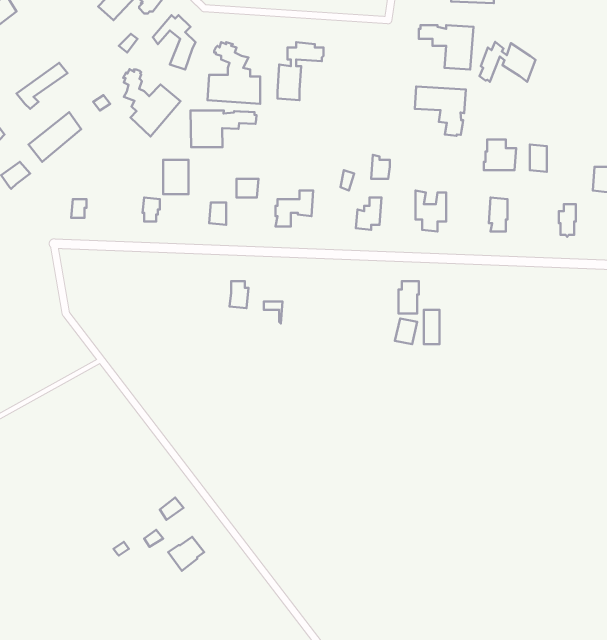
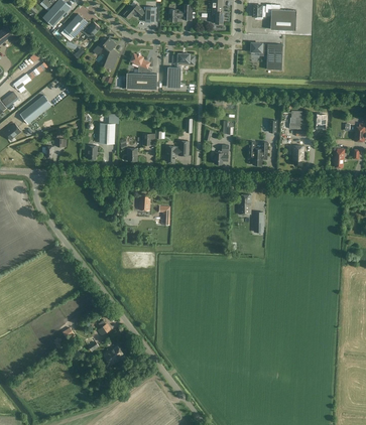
building: [480,42,535,82] -> none
building: [123,69,180,137] -> none
building: [415,87,466,136] -> none
building: [191,110,256,147] -> none

